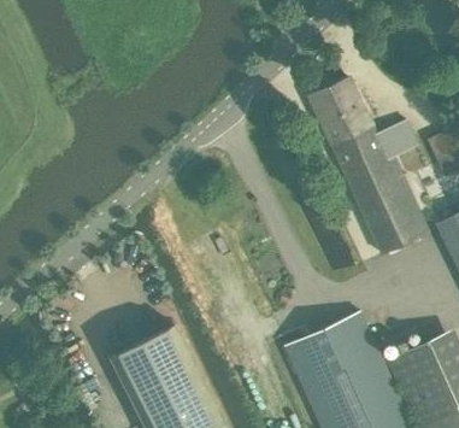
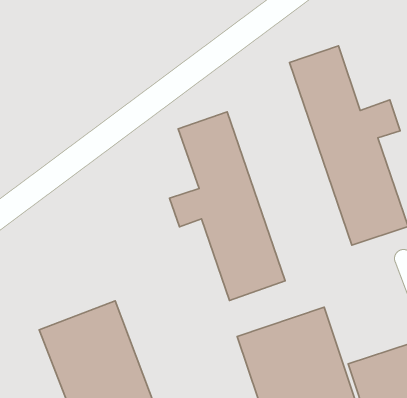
building: none -> [169,112,285,301]

